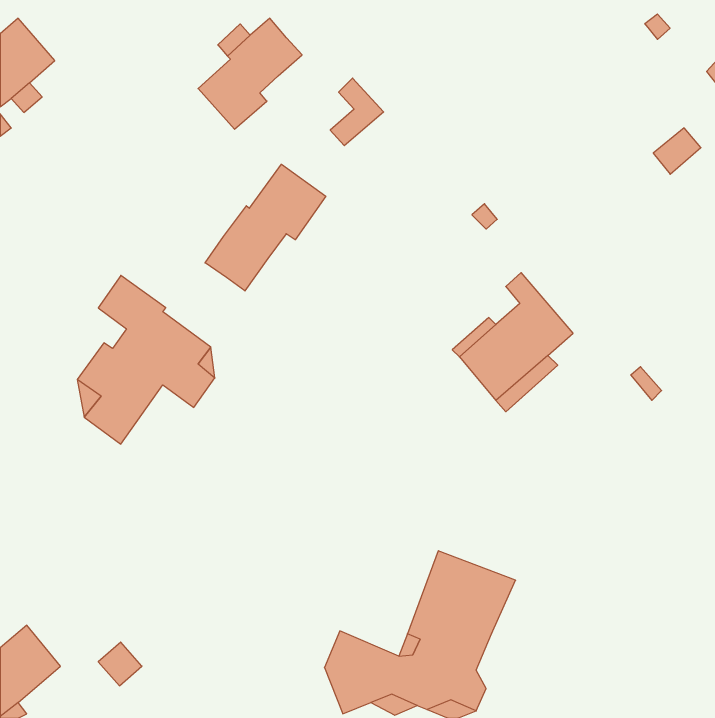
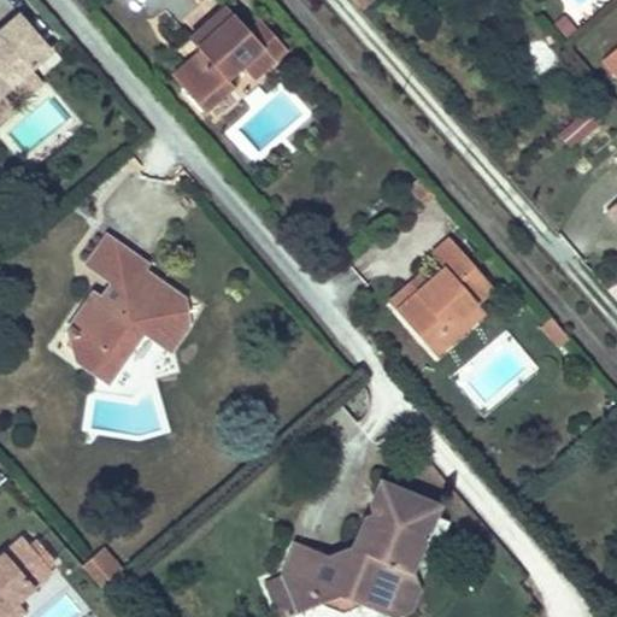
building: [330,78,384,146] -> [241,20,287,78]
building: [205,164,326,291] -> none

